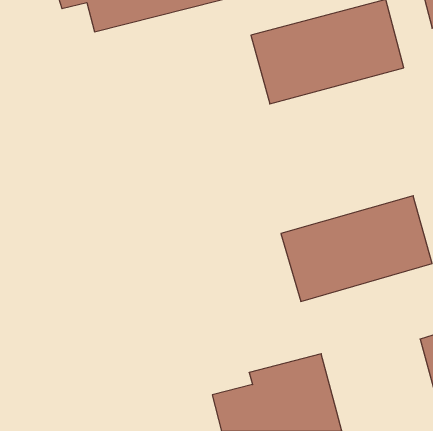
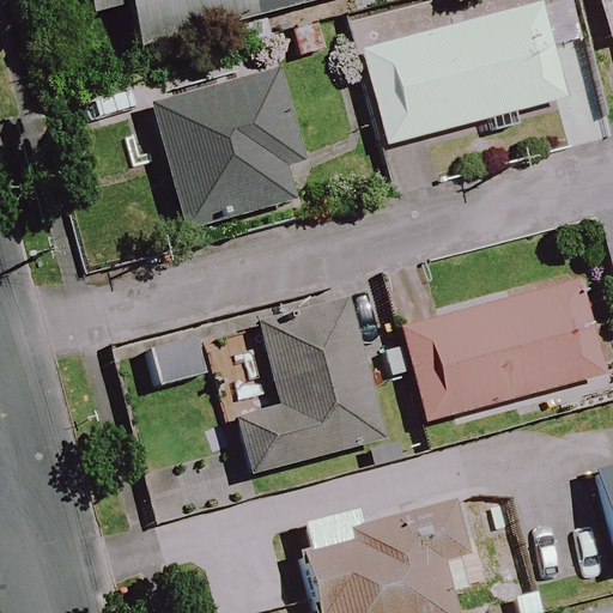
building: none -> [152,68,304,230]
building: none -> [237,295,381,471]

